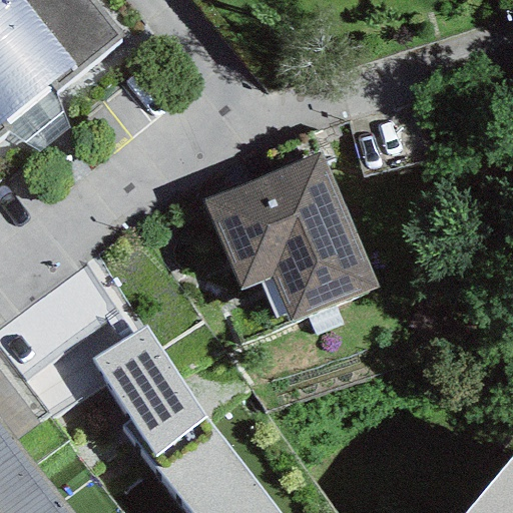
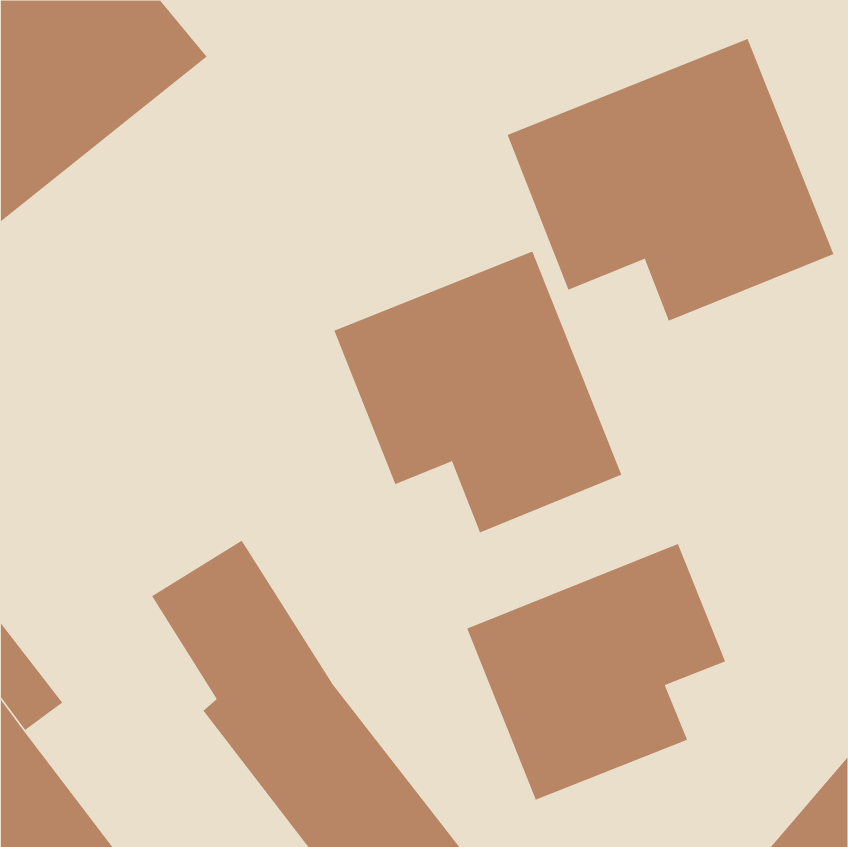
building: none -> [507,38,834,321]
building: none -> [466,543,726,800]

